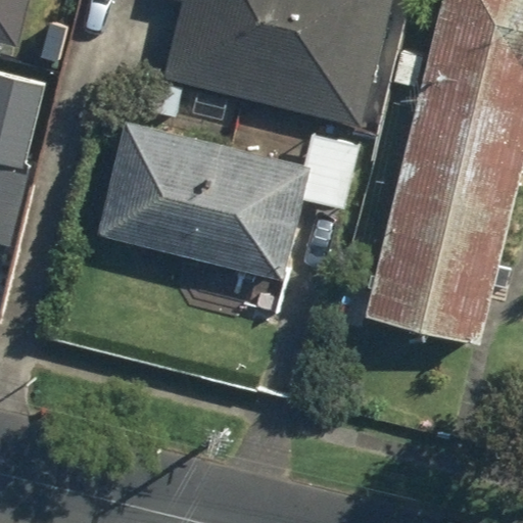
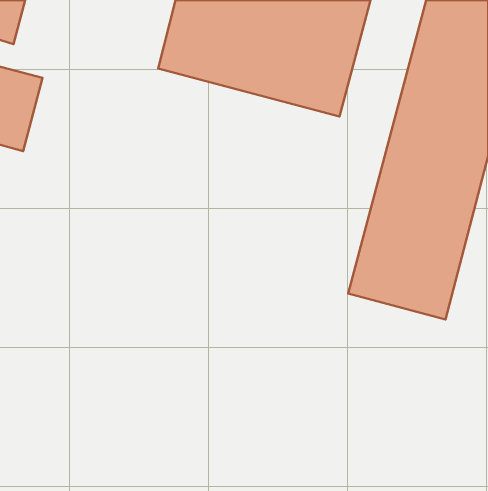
building: [100,122,307,280] -> none

